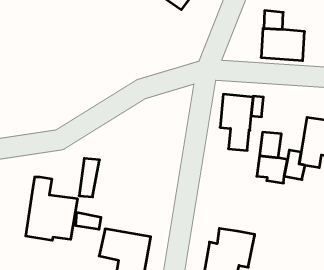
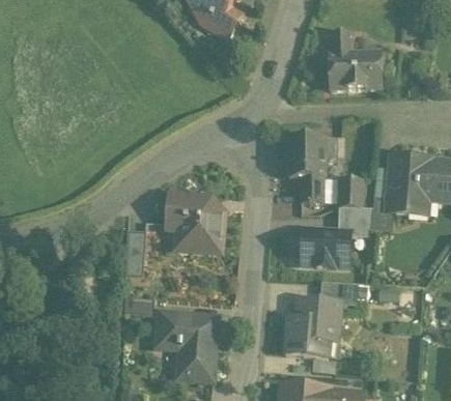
building: none -> [166,196,222,251]
building: none -> [302,230,350,267]
building: [26,177,77,240] -> none
building: none -> [320,282,358,307]

